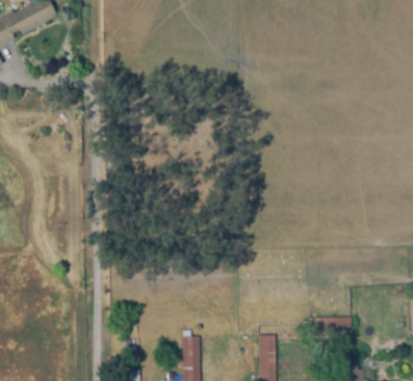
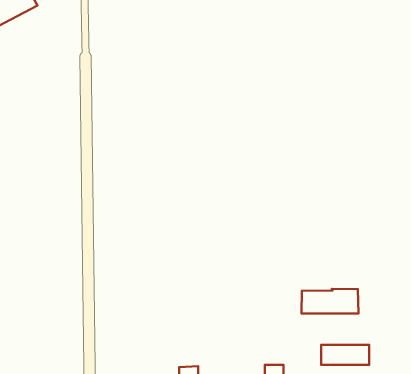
building: none -> [301,289,358,313]

